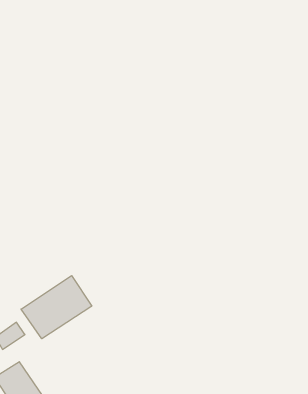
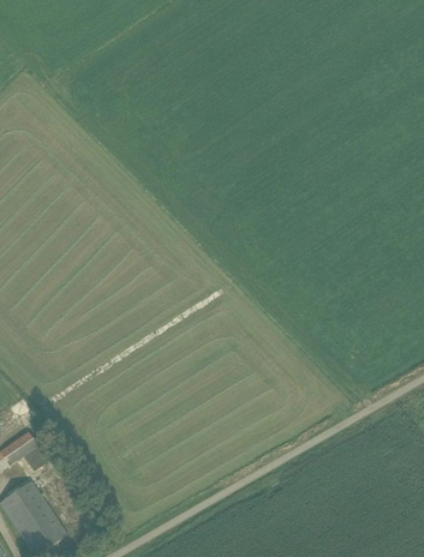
building: [21,276,92,339] -> none

